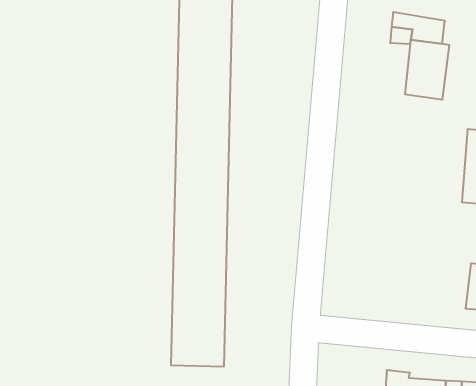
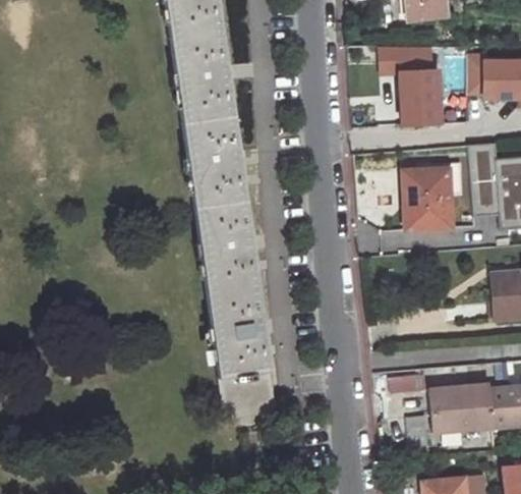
building: none -> [409,173,455,229]

